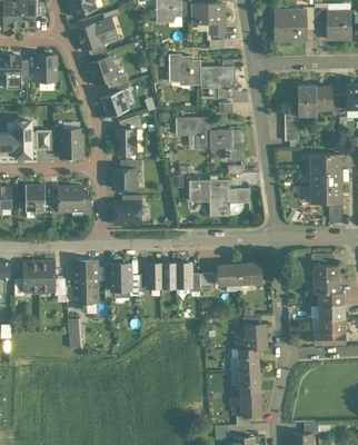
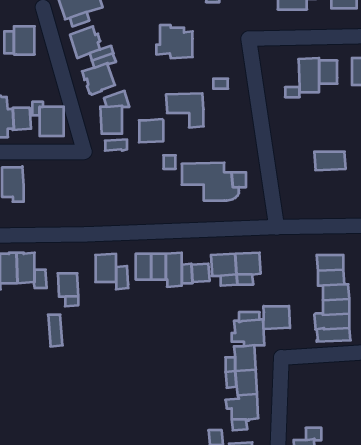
building: [200,67,235,97] -> none
building: [210,127,243,160] -> none
building: [311,154,339,170] -> none
building: [113,168,136,189] -> [139,119,163,142]
building: [59,186,83,211] -> none
building: [312,186,340,202] -> none
building: [113,201,140,224] -> none
building: [74,259,96,281] -> none
building: none -> [264,306,290,329]

